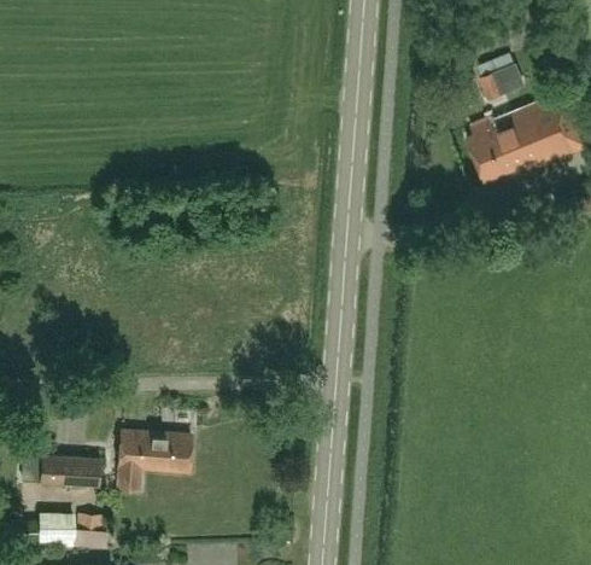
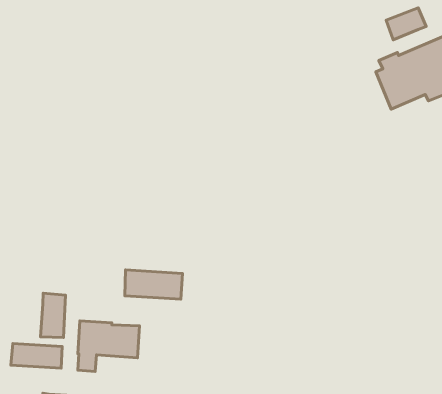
building: none -> [125,270,183,299]
building: none -> [40,293,66,337]

